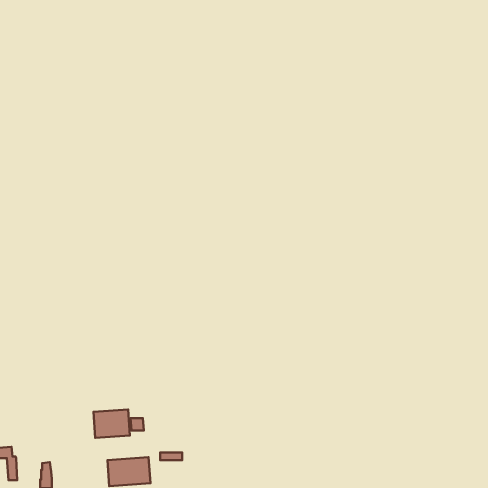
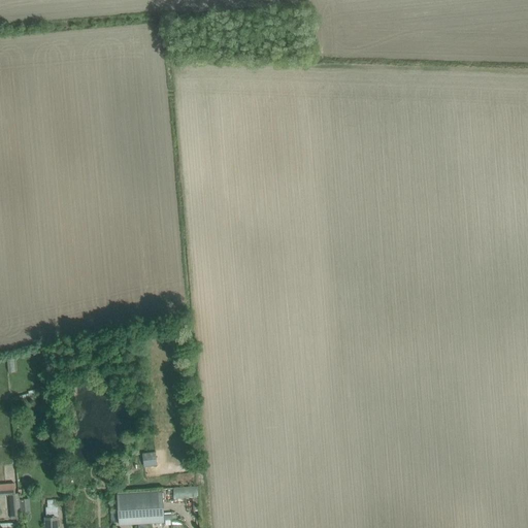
building: [93,409,130,438] -> none

